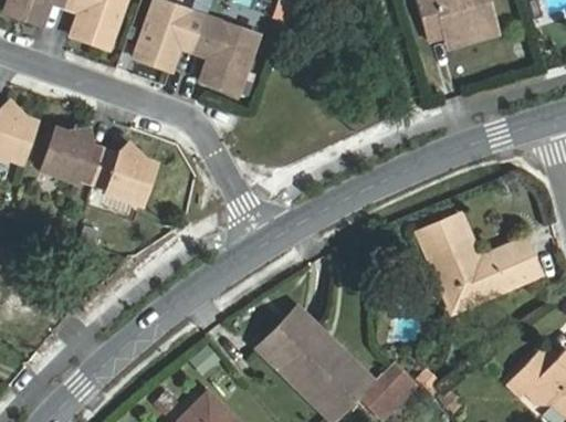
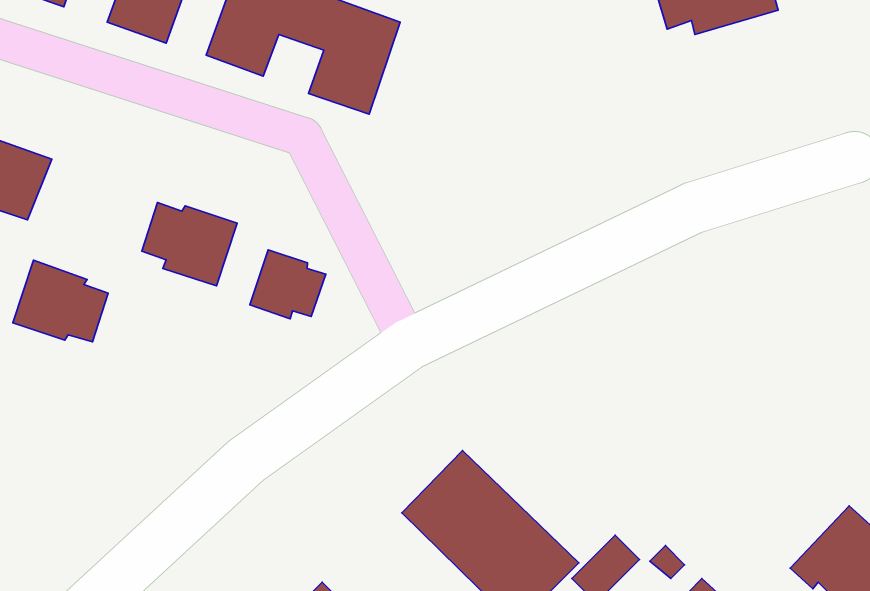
building: [42,129,103,181] -> [13,260,108,342]
building: none -> [250,250,326,319]
building: [418,214,541,307] -> none

